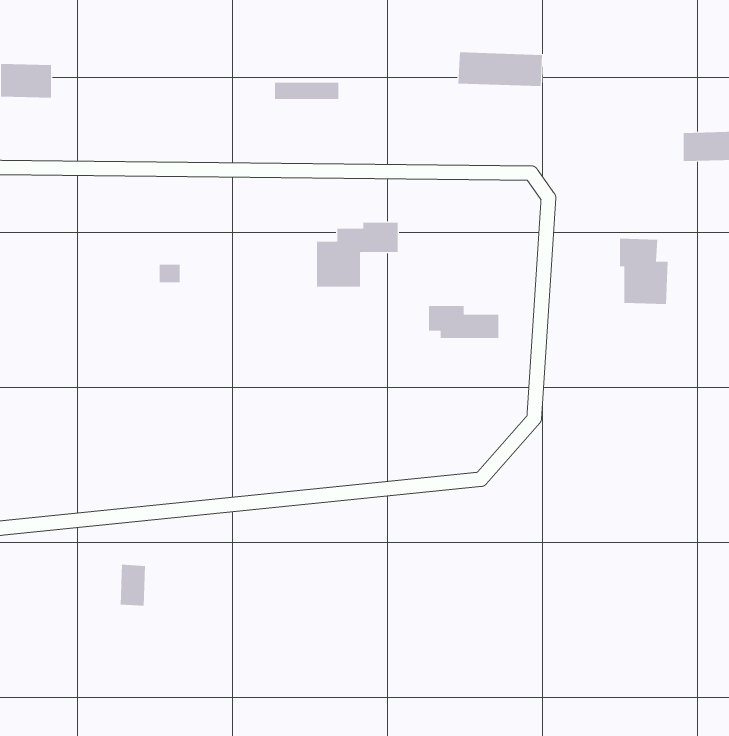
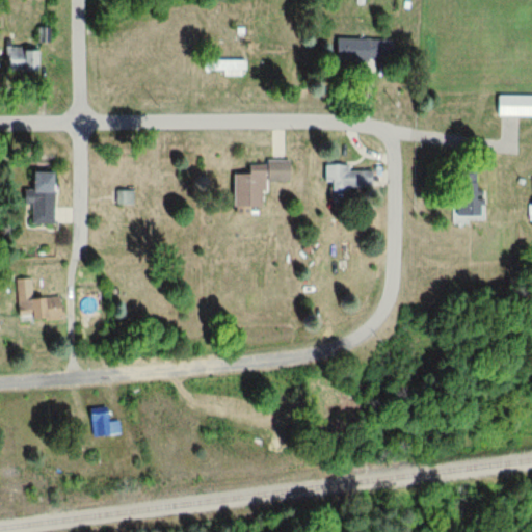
building: none -> [29,171,56,223]
building: [428,305,499,339] -> [324,164,375,188]
building: none -> [18,277,68,321]

